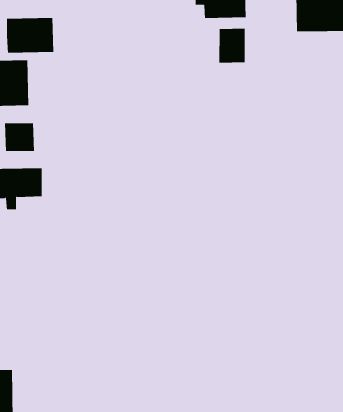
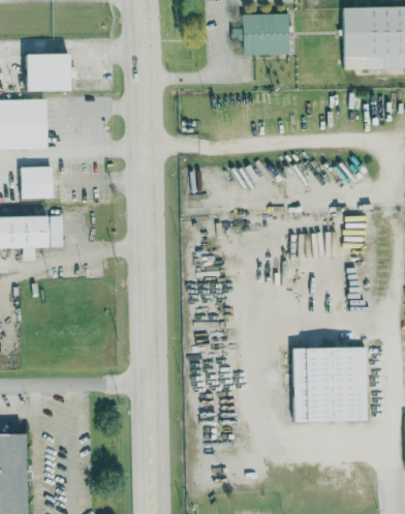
building: [219,28,245,63] -> none
building: none -> [284,346,362,421]

